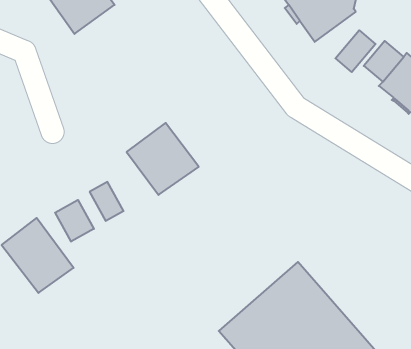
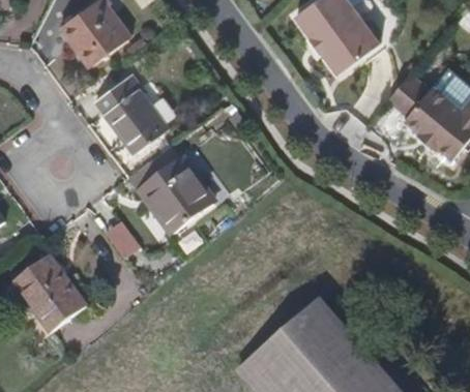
building: [335,30,376,72] -> none
building: none -> [95,78,167,153]
building: [55,200,94,242] -> none

